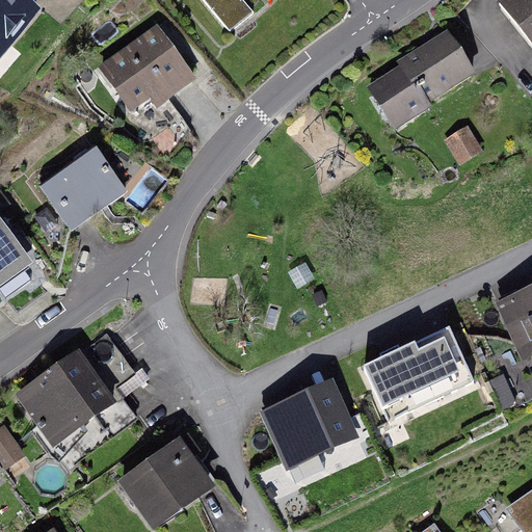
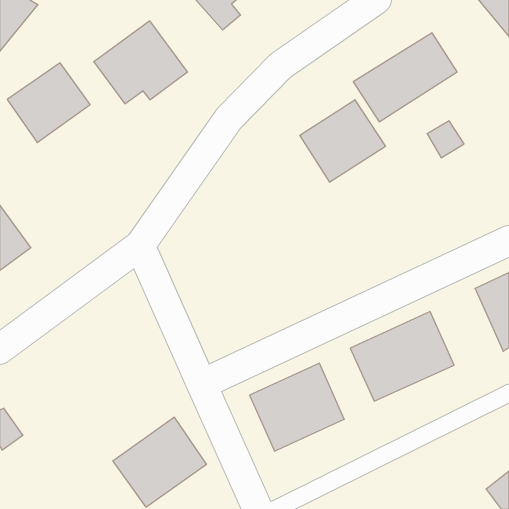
building: none -> [300,100,386,182]
building: [39,145,126,229] -> [7,63,90,143]
building: [16,348,116,445] -> none

